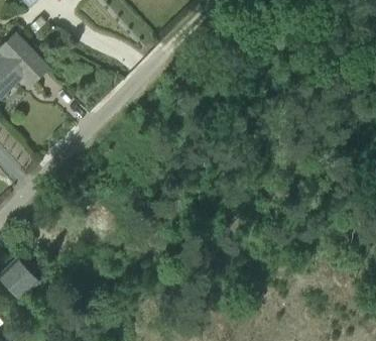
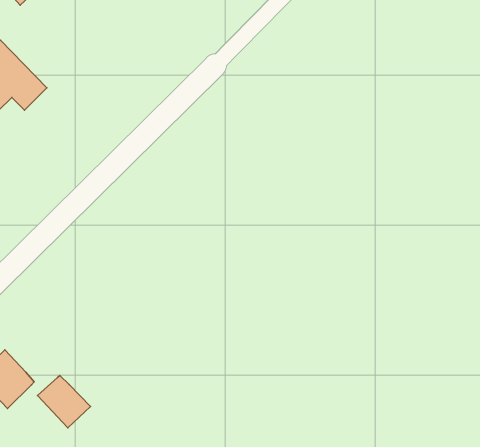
building: none -> [37,375,91,428]

